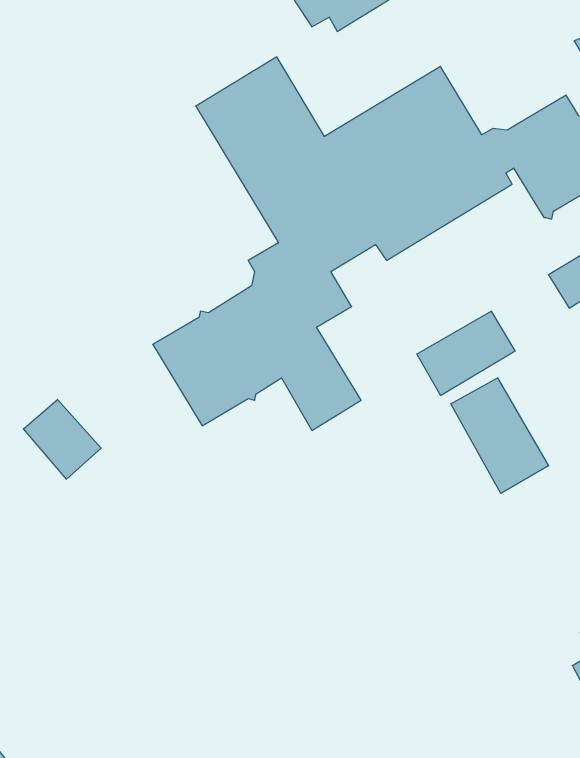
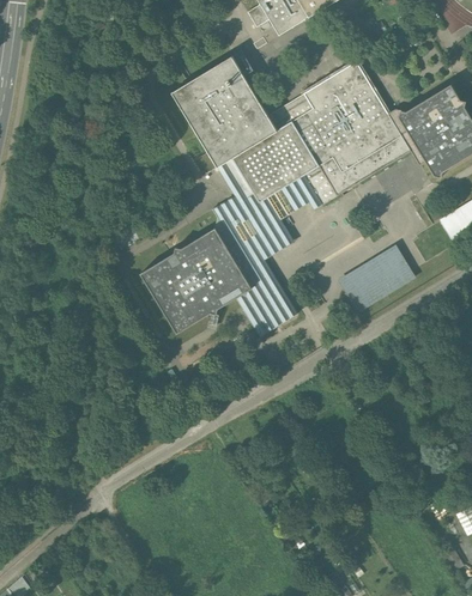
building: [451,378,549,493] -> none
building: [23,399,101,479] -> none

